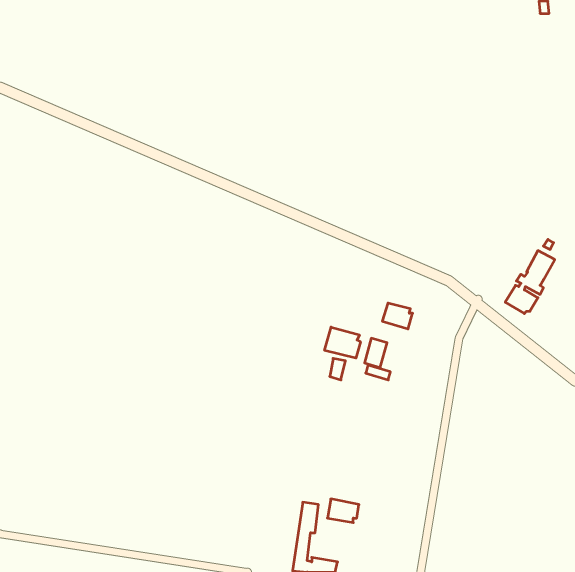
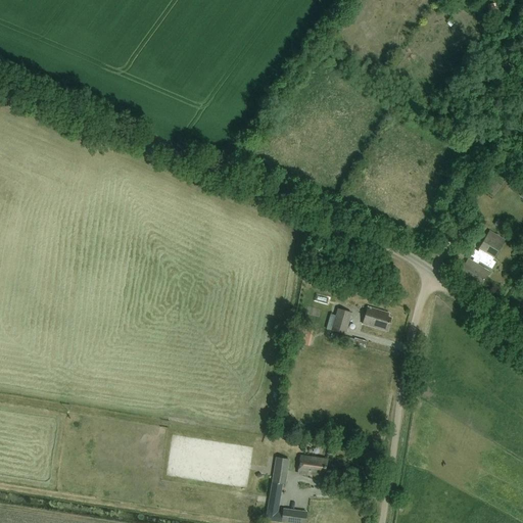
building: [382,303,413,329] -> [362,306,389,330]
building: [325,327,360,358] -> none

